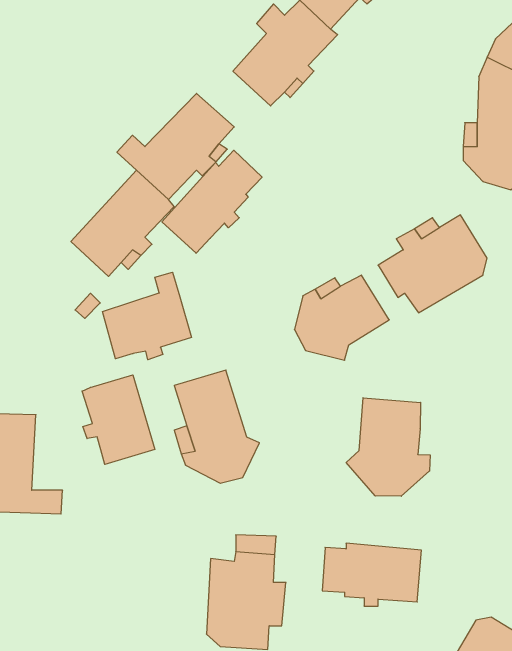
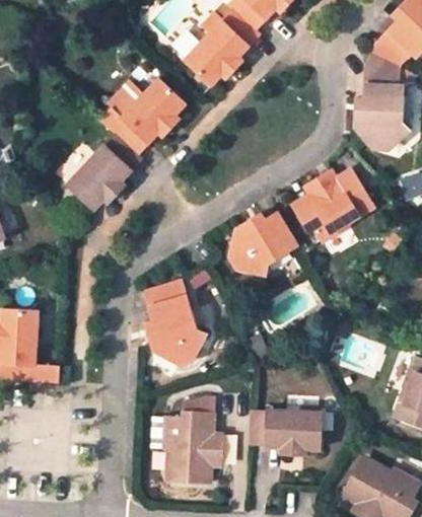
building: [162,150,262,253] -> none
building: [102,272,192,360] -> none
building: [82,375,155,464] -> none
building: [346,398,430,496] -> none

